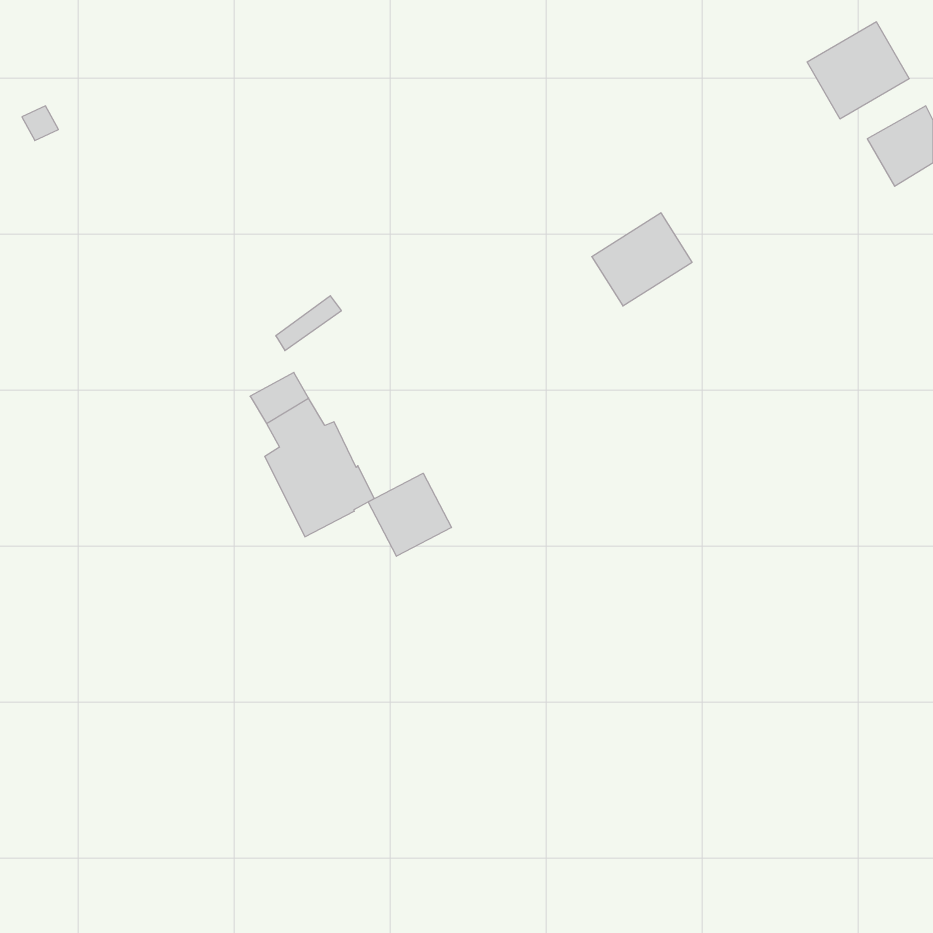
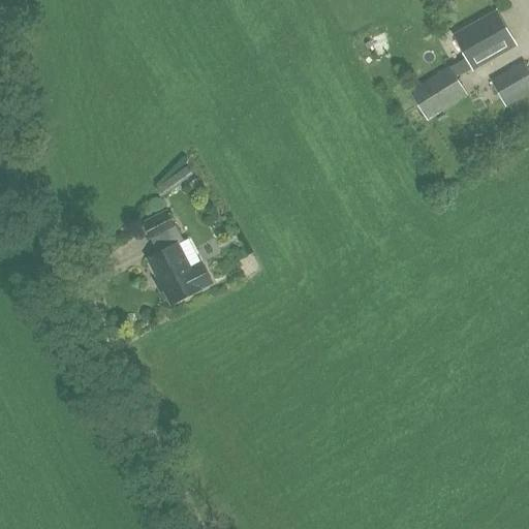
building: [592,213,692,306] -> [410,66,467,119]
building: [368,473,451,556] -> none

